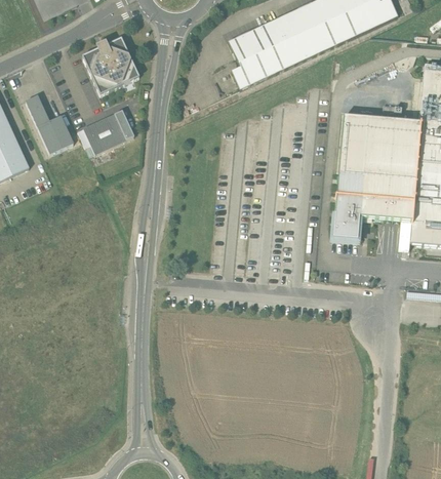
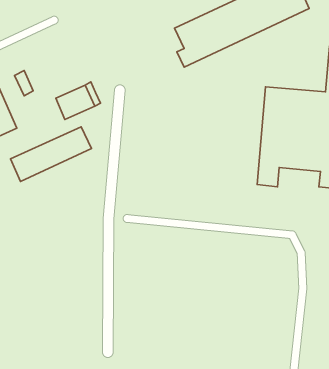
building: [83,37,141,93] -> none
building: [39,114,75,153] -> none
building: none -> [10,127,91,181]

